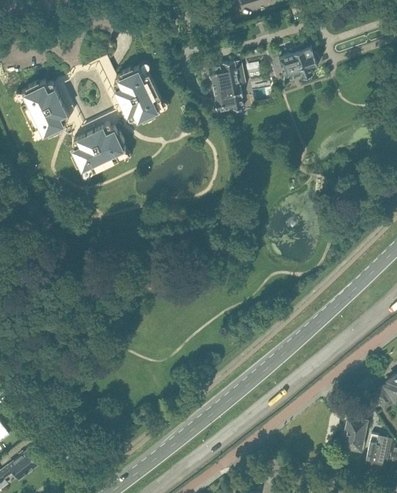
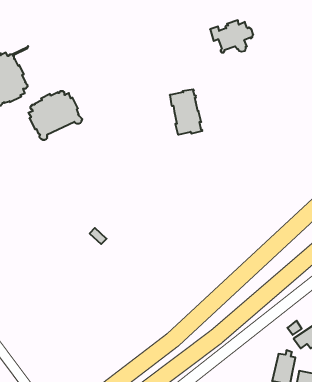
building: [83,56,168,121] -> none
building: [208,61,244,111] -> [170,89,202,134]

